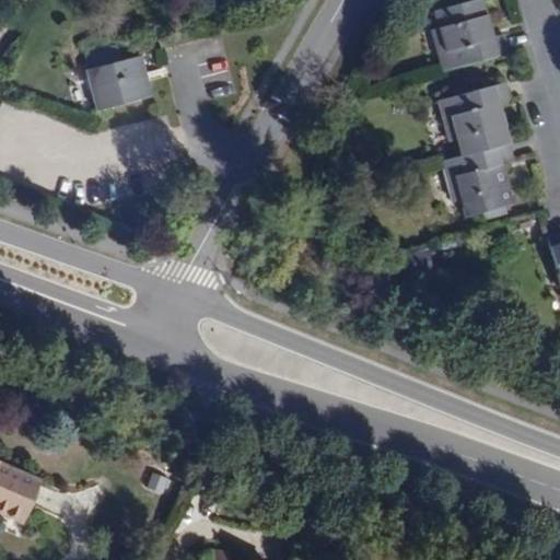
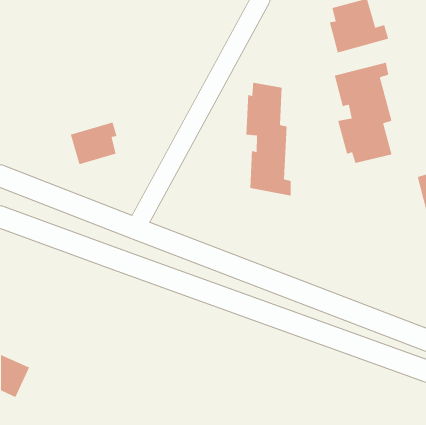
building: [86,54,149,110] -> [70,121,117,165]
building: none -> [245,82,292,196]

